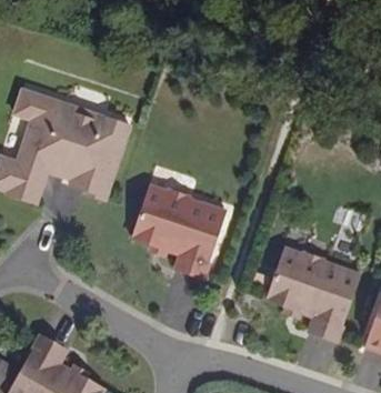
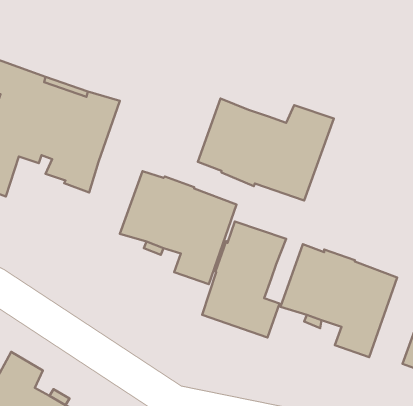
building: none -> [198,99,334,200]
building: none -> [202,221,286,338]

